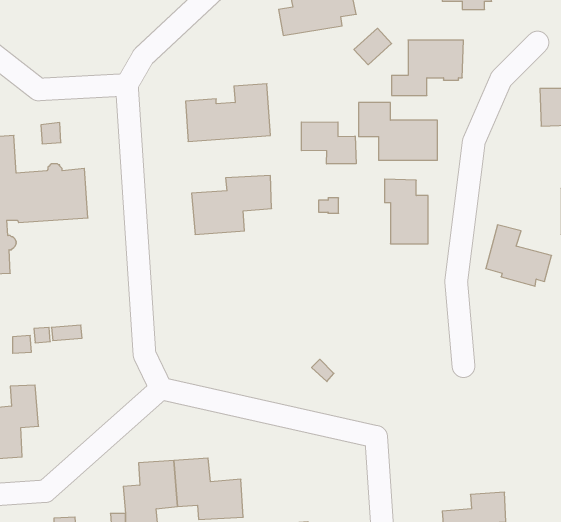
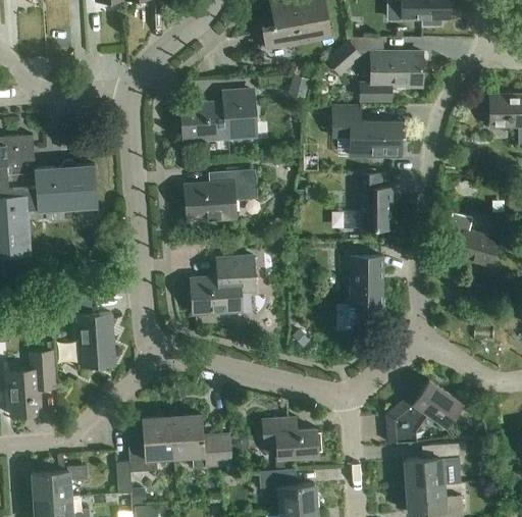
building: [301,122,356,164] -> none
building: none -> [193,256,255,314]
building: none -> [340,257,382,320]
building: none -> [75,314,114,368]
building: none -> [385,380,462,444]
building: none -> [262,418,317,459]

